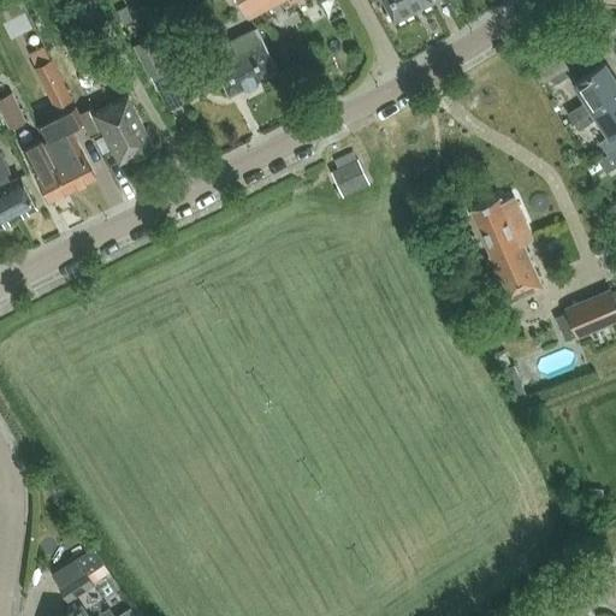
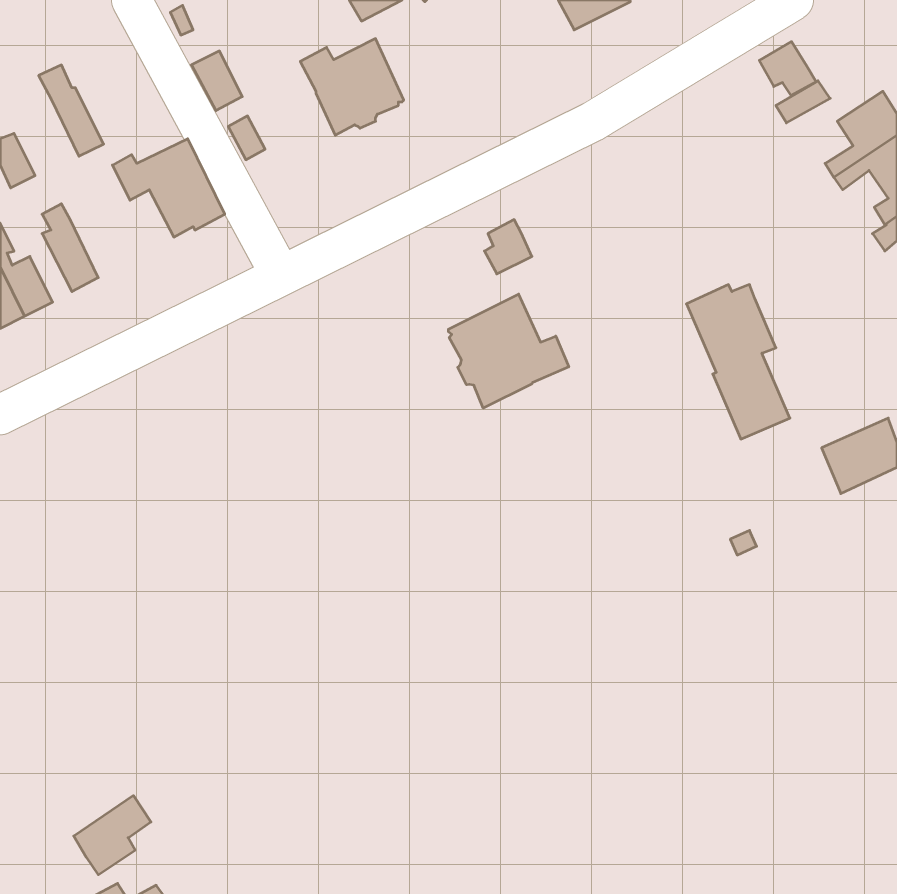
building: none -> [759,42,816,95]
building: [37,109,94,192] -> none
building: none -> [448,294,569,408]

